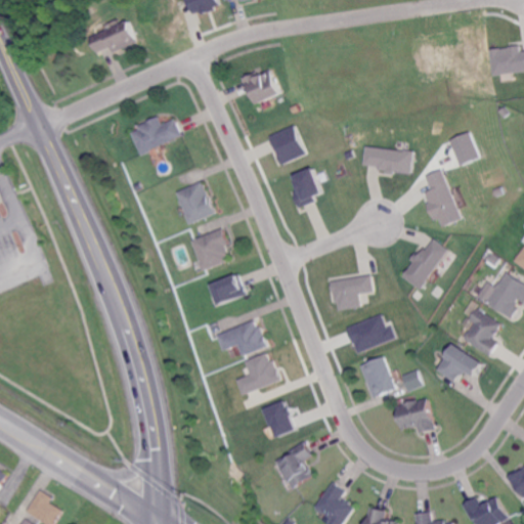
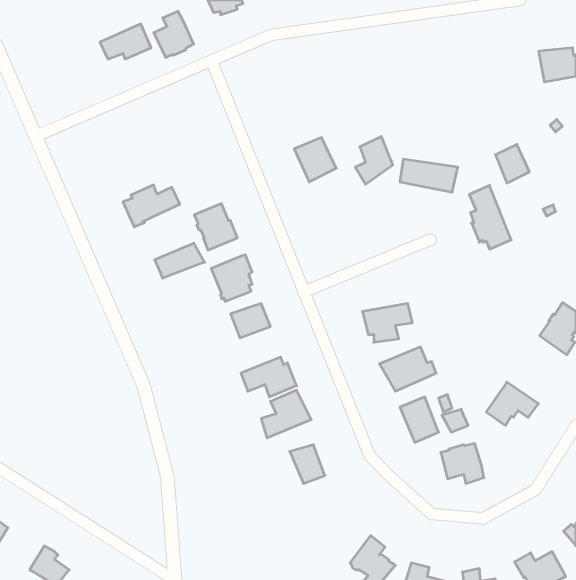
building: none -> [154,11,194,58]
building: [241,71,279,105] -> none
building: [129,119,180,157] -> [123,185,180,227]
building: [286,167,319,210] -> [355,136,393,184]
building: none -> [155,243,205,278]
building: [400,236,447,289] -> none
building: [466,310,503,357] -> none
building: [275,443,314,490] -> none

